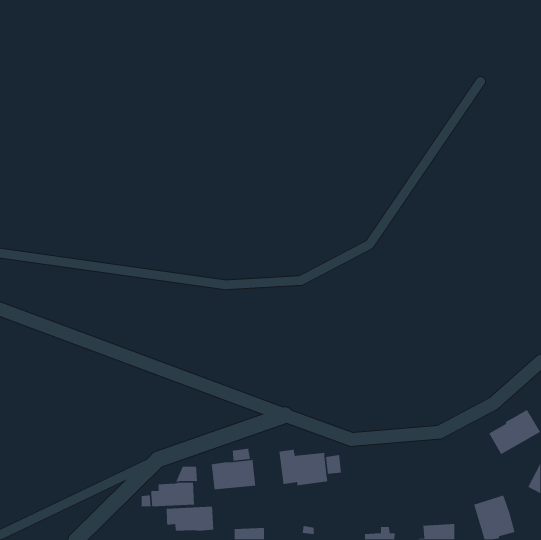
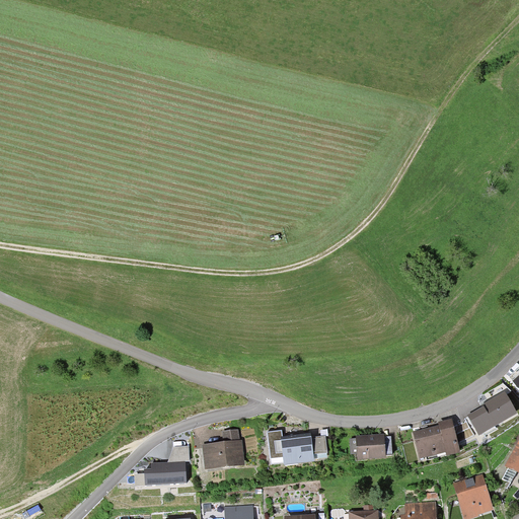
building: none -> [413,419,460,459]
building: none -> [350,433,386,459]
building: [166,506,214,531] -> none

